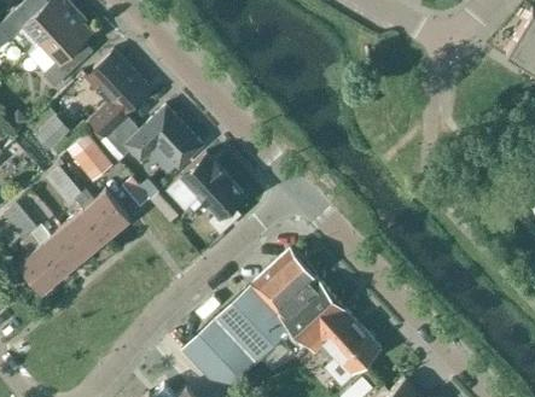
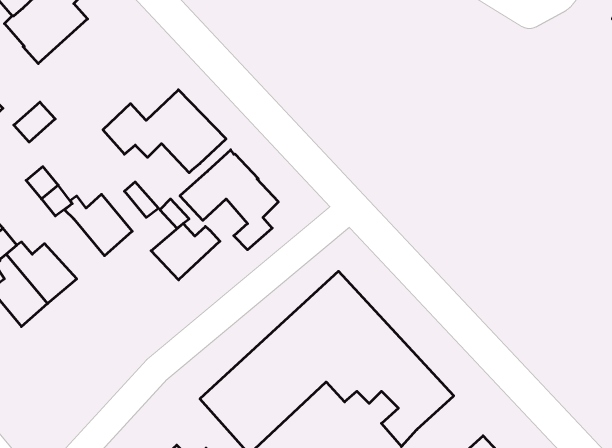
building: [83,49,150,142] -> none
building: [74,142,111,181] -> none
building: [60,208,107,255] -> none
building: none -> [151,223,220,280]

